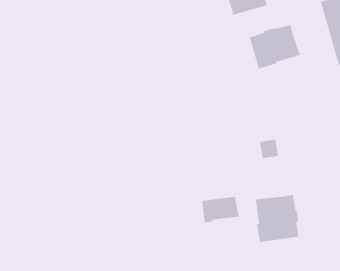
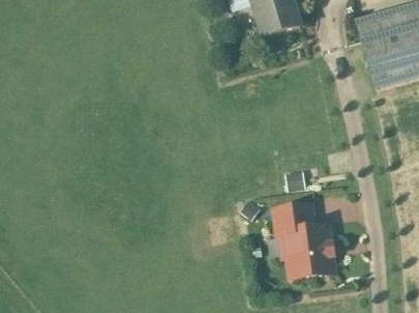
building: [249,24,301,69] -> none
building: [201,196,239,223] -> [274,204,315,233]

